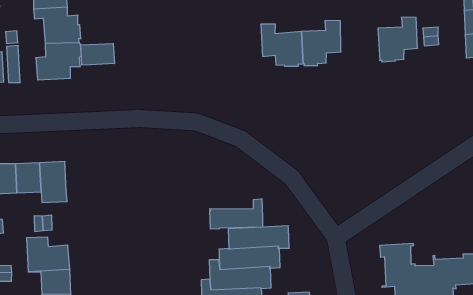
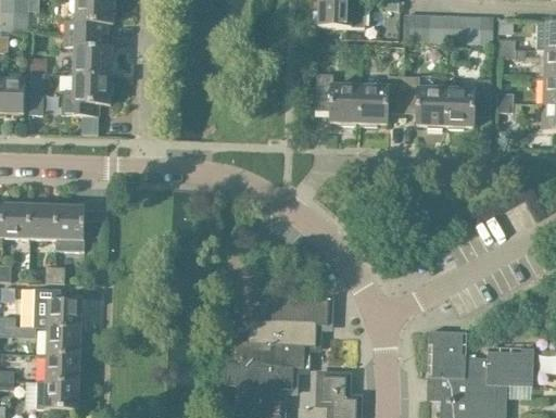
building: none -> [403,76,446,126]
building: [81,43,114,65] -> none
building: [210,199,262,229] -> none

